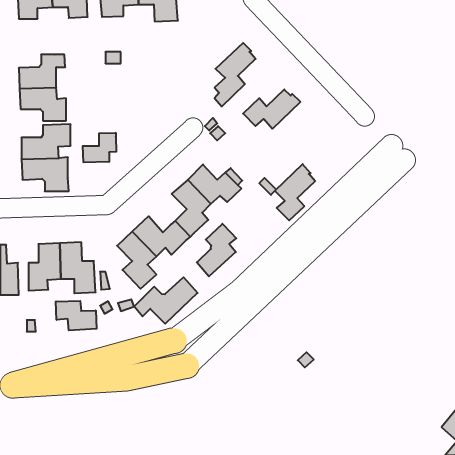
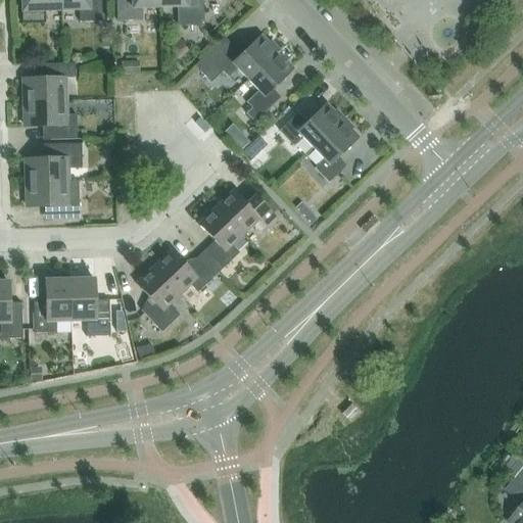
building: none -> [196,34,280,81]
building: [83,133,116,162] -> none
building: [275,164,315,220] -> [314,116,360,181]
building: [197,224,236,276] -> none
building: [134,277,198,324] -> none
building: [56,301,97,330] -> none

